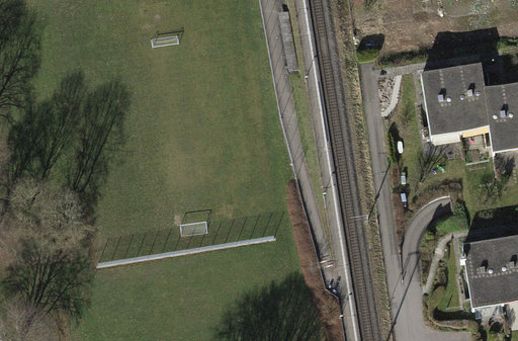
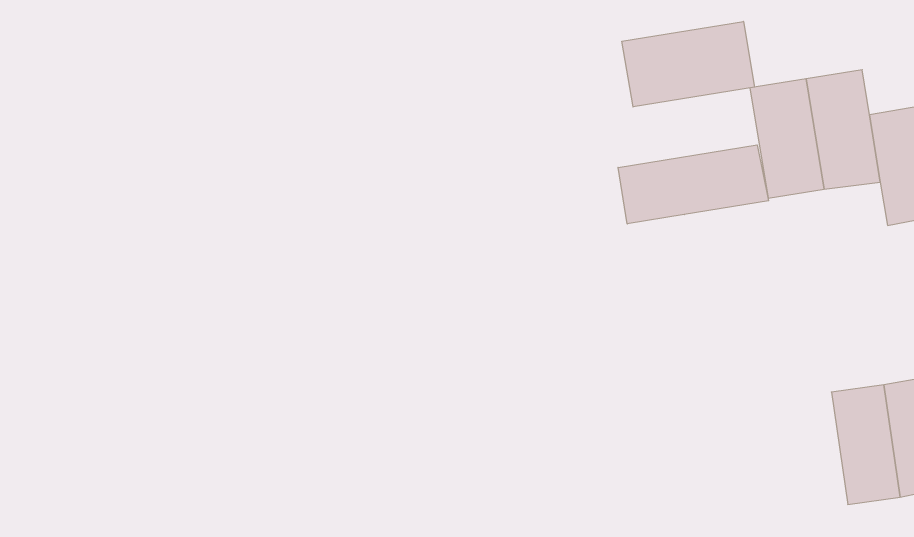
building: none -> [622,21,755,107]
building: none -> [618,145,769,224]

